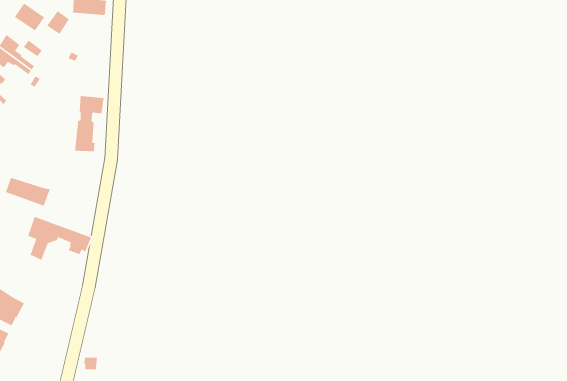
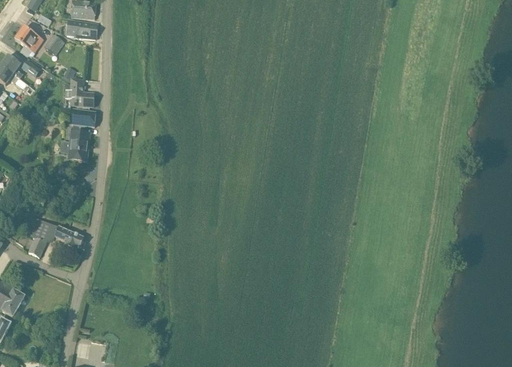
building: none -> [64,80,93,105]
building: [5,177,51,207] -> none

